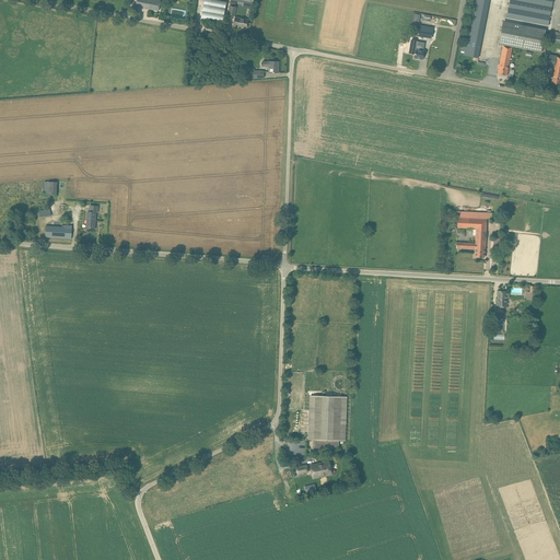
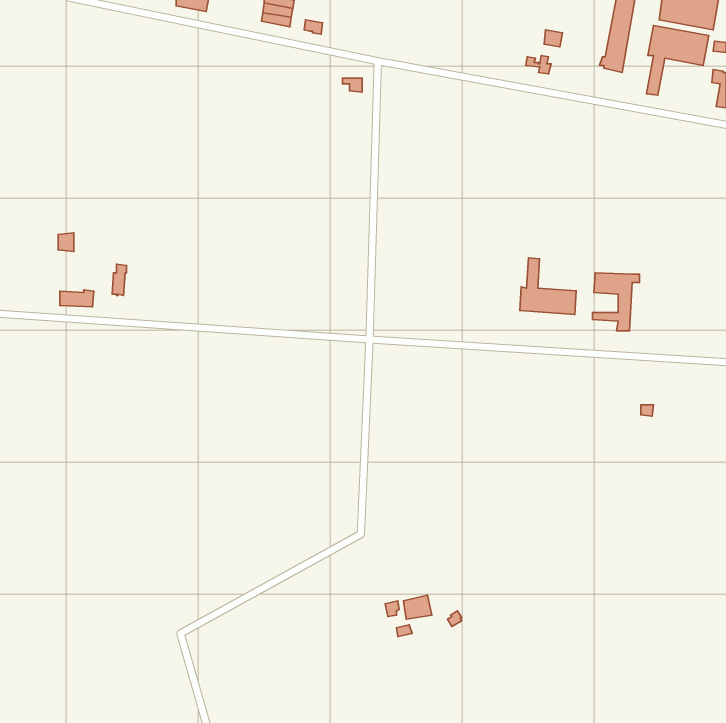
building: none -> [520,258,576,314]
building: [310,394,347,446] -> none

